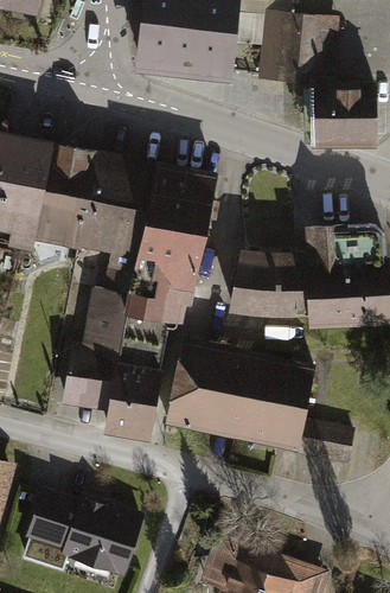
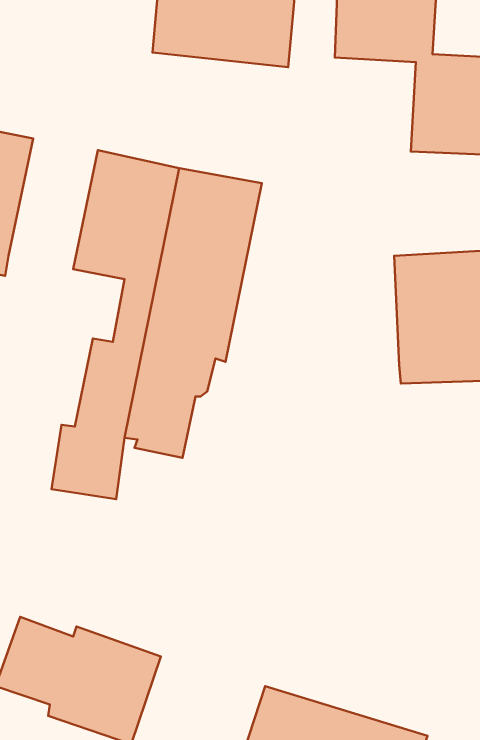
building: [32,145,96,238] -> none
building: [230,253,312,310] -> none
building: [168,346,353,468] -> none
building: [104,359,159,431] -> none

